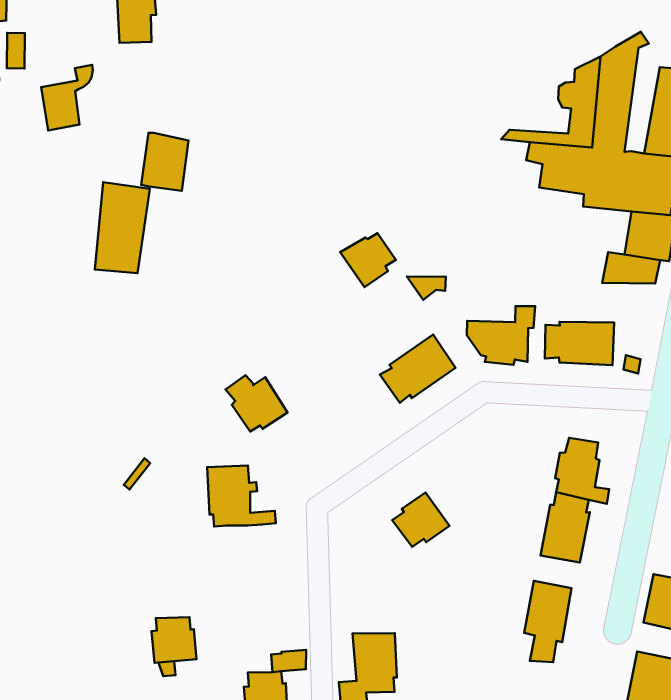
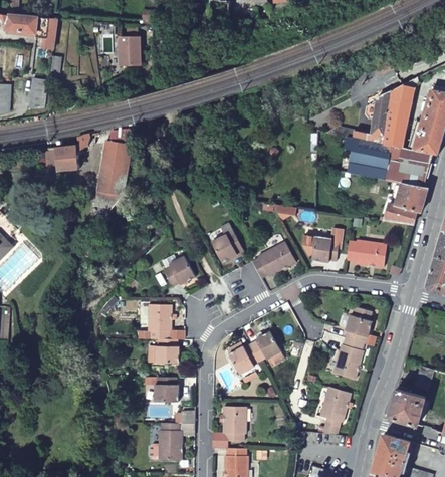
building: [41,65,93,131] -> [55,133,85,168]
building: [141,133,189,191] -> none
building: [340,233,396,287] -> [210,234,241,264]
building: none -> [229,345,260,375]
building: none -> [153,340,177,366]
building: [152,617,197,663] -> [154,379,178,404]

